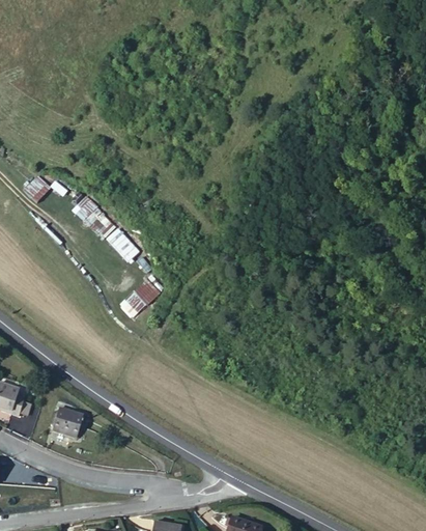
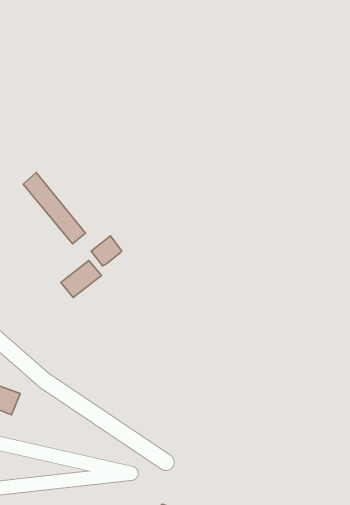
building: none -> [91,236,122,266]

